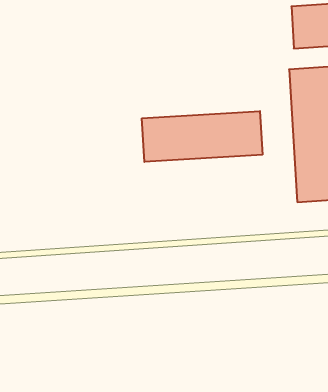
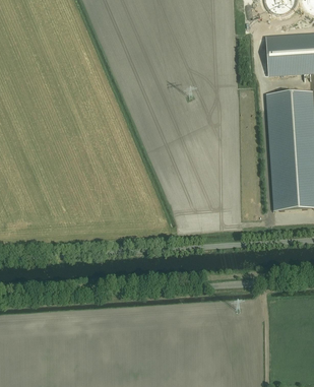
building: [142,111,262,162] -> none

